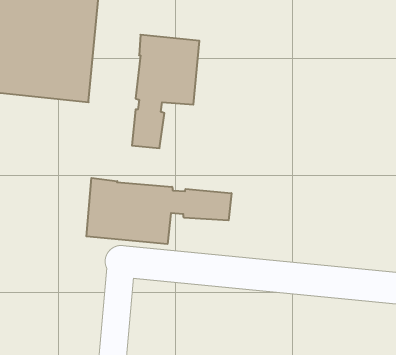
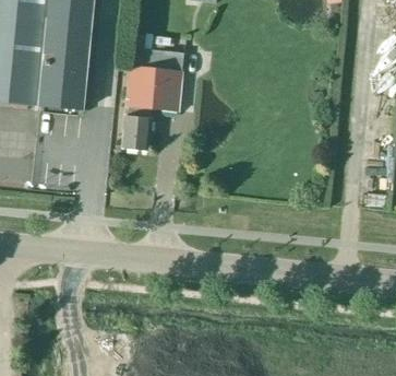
building: [86,178,231,244] -> none

